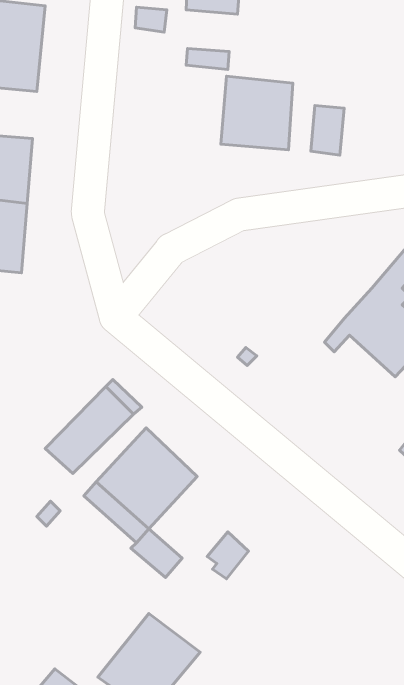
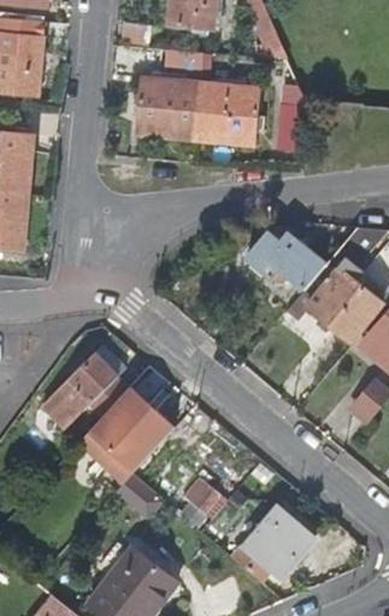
building: none -> [137,75,201,138]
building: none -> [244,229,328,290]
building: none -> [232,505,316,579]

